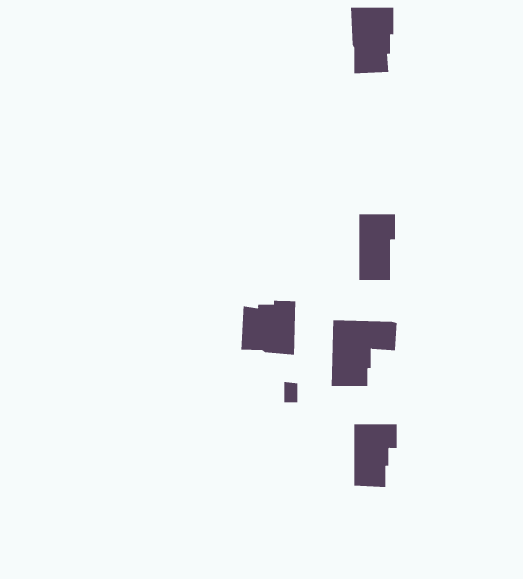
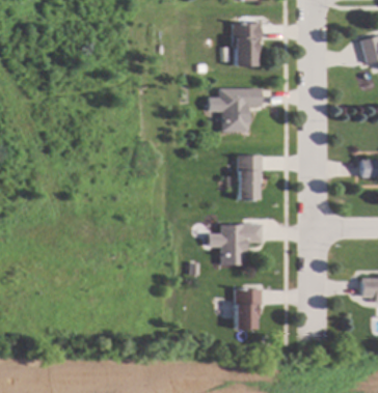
building: none -> [218,89,261,133]
building: [241,300,296,356] -> none

